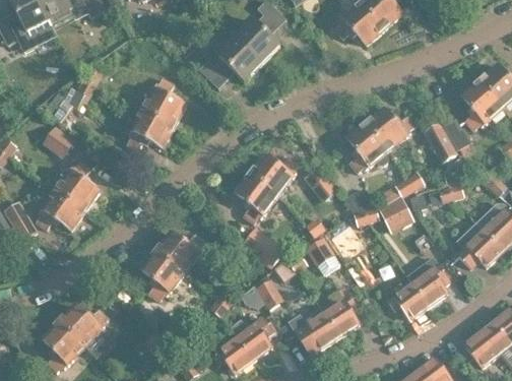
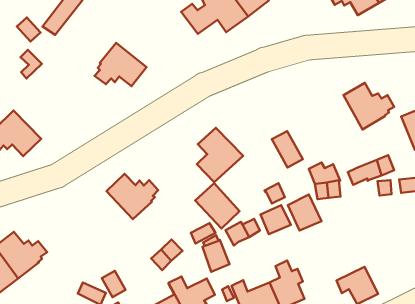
building: [141,78,186,127] -> none
building: [346,123,388,173] -> none
building: [249,154,298,196] -> none
building: [55,161,99,211] -> none
building: [380,198,412,232] -> none
building: [140,251,185,301] -> none
building: [407,258,448,306] -> none

